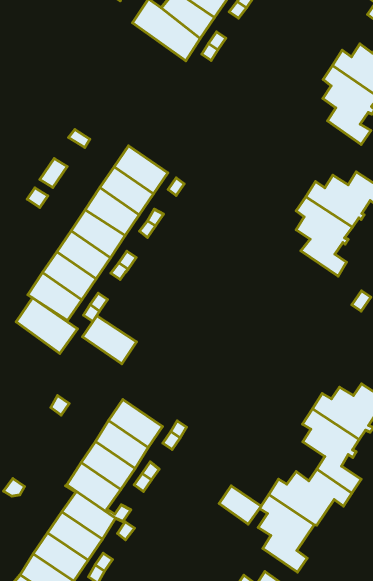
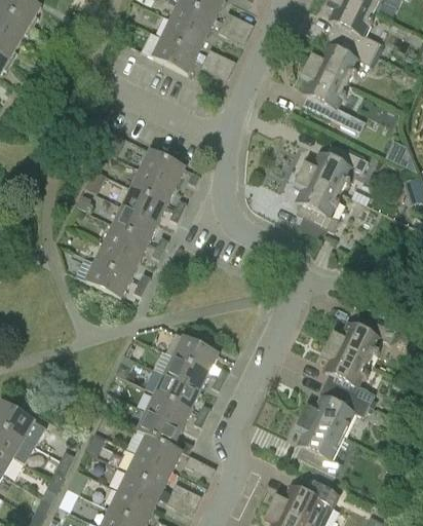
building: [16,298,78,353] -> none
building: [82,316,136,364] -> [174,337,218,373]
building: [219,486,261,524] -> none

